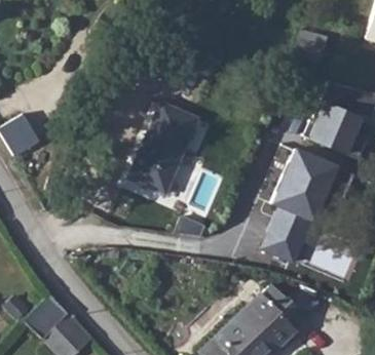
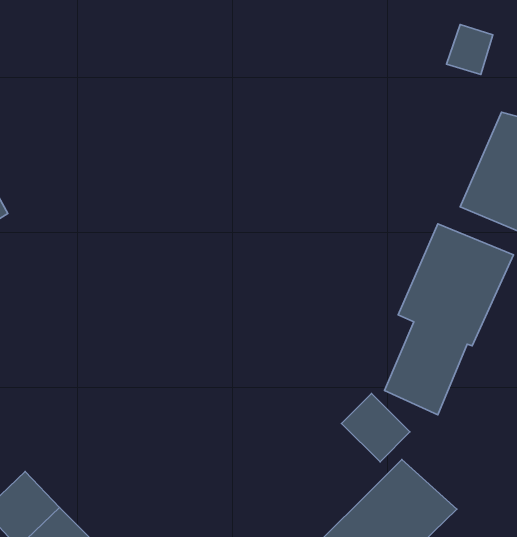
building: [130,102,195,193] -> none
building: none -> [342,394,410,462]

